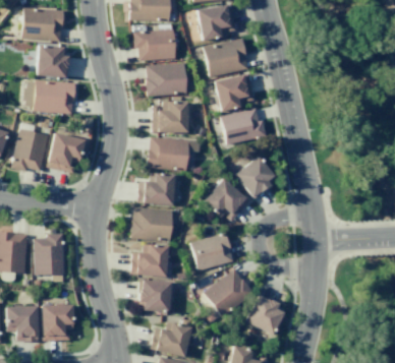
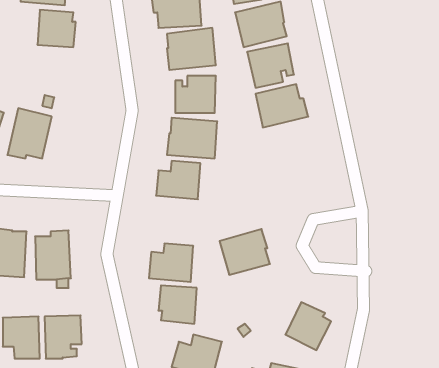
building: [24,80,76,114] -> none
building: [47,133,84,174] -> none
building: [236,157,277,199] -> none
building: [204,180,250,223] -> none
building: [130,206,174,241] -> none
building: [205,269,255,316] -> none

